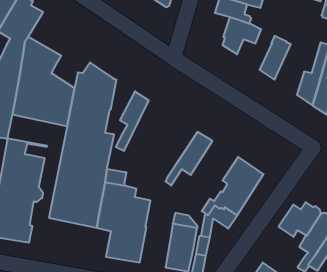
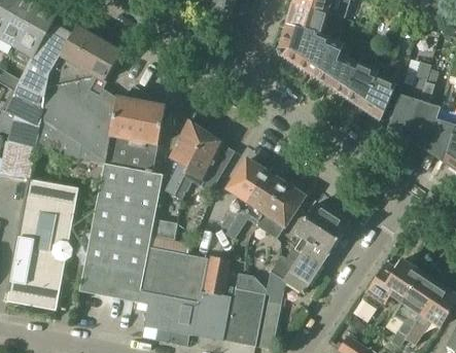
building: none -> [55,23,121,97]
building: none -> [277,24,306,64]
building: none -> [315,44,358,95]
building: none -> [361,63,396,119]
building: none -> [174,133,234,199]
building: none -> [220,160,266,230]
building: none -> [257,183,303,237]
building: none -> [194,254,232,340]

